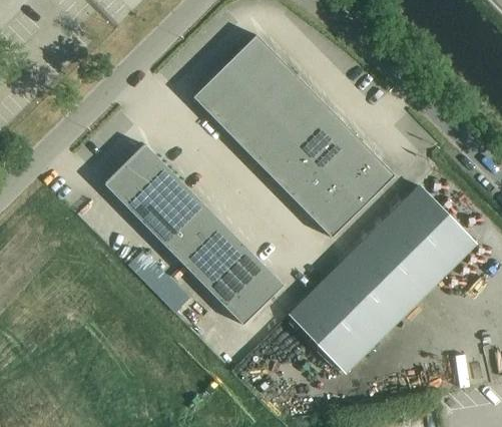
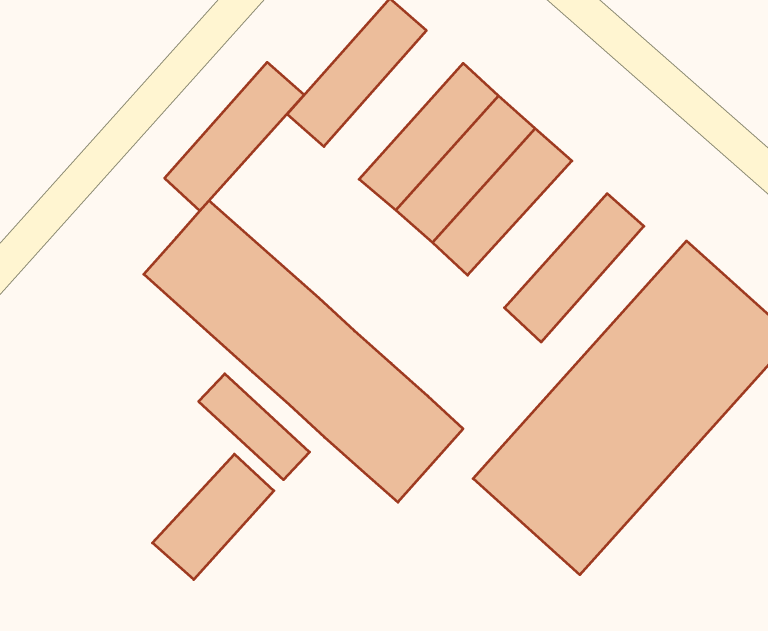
building: [213,54,297,137] -> [165,62,304,211]
building: [292,134,375,217] -> none
building: none -> [152,454,274,580]

